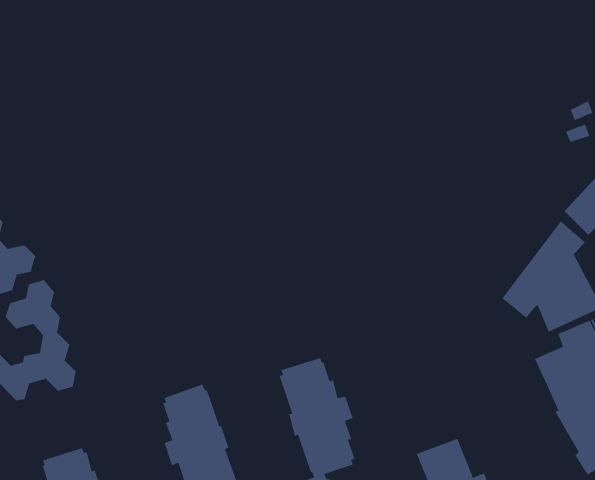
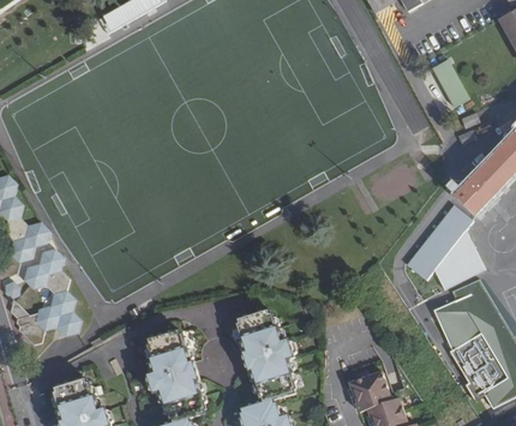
building: none -> [432,59,469,107]

